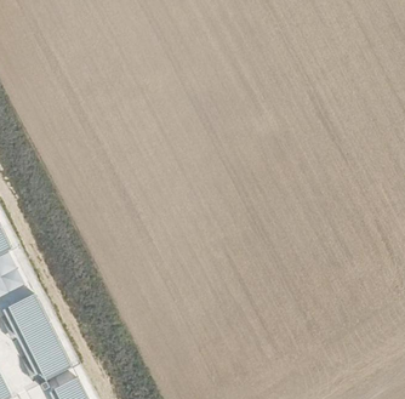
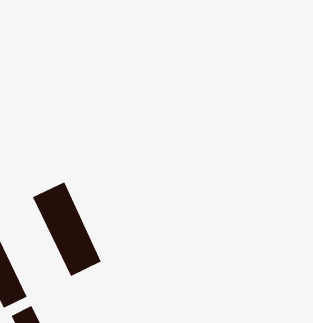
building: none -> [32,182,101,277]

